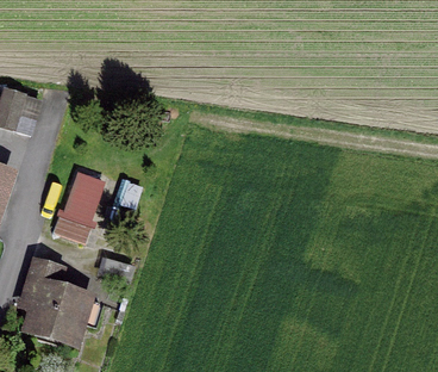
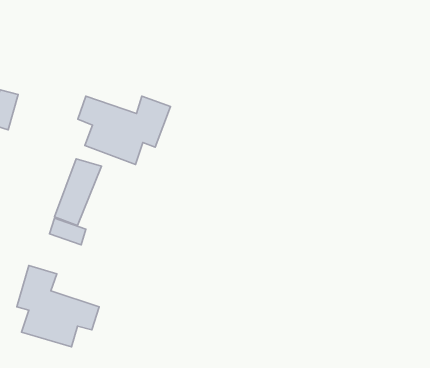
building: none -> [78,96,170,165]

